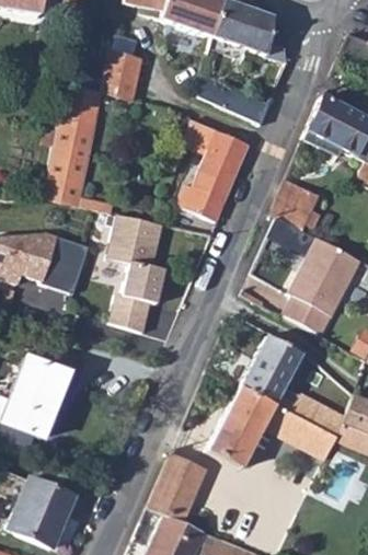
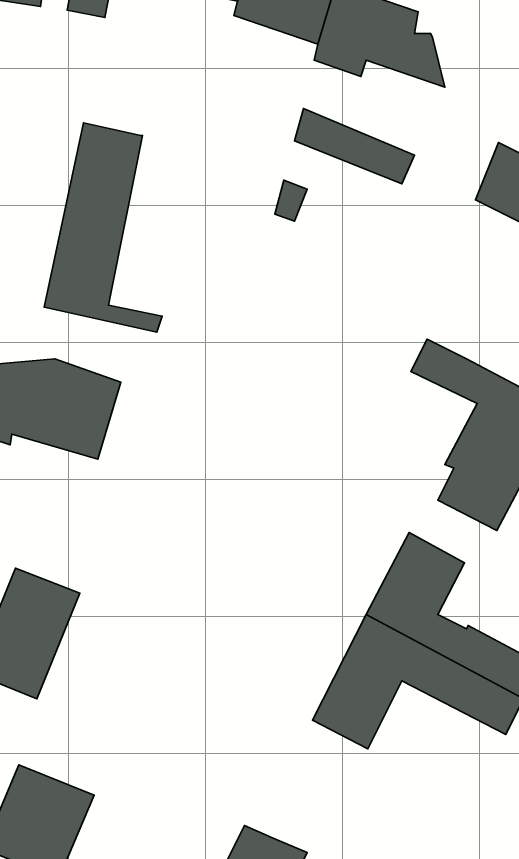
building: [103,48,142,101] -> none
building: [180,130,250,221] -> none
building: [273,180,319,229] -> none
building: [107,213,164,332] -> none
building: [149,452,207,522] -> none

